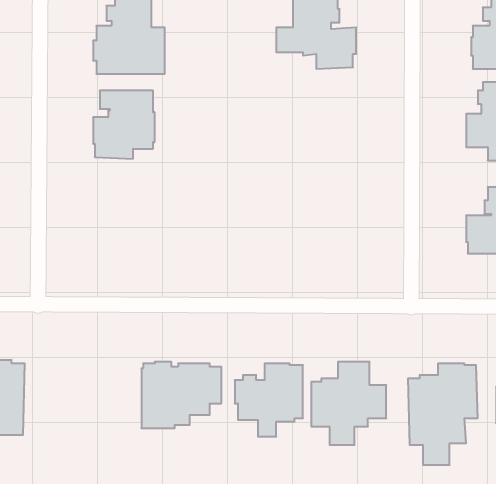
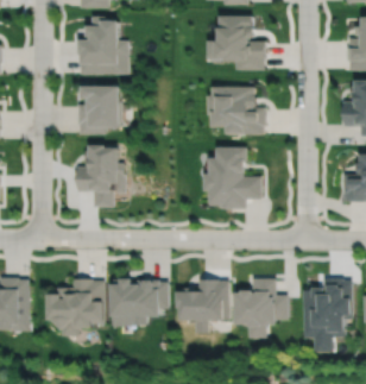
building: none -> [209,87,265,134]
building: none -> [77,145,126,207]
building: none -> [206,147,260,209]
building: none -> [48,279,105,336]

